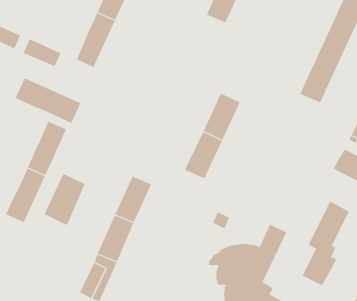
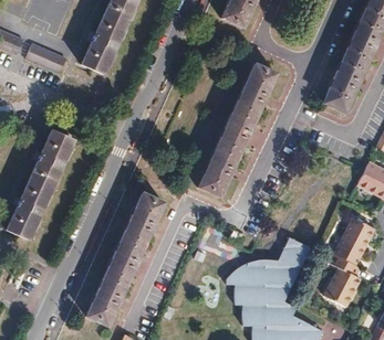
building: none -> [238,61,278,111]
building: [15,77,81,124] -> none
building: [44,173,86,226] -> none

